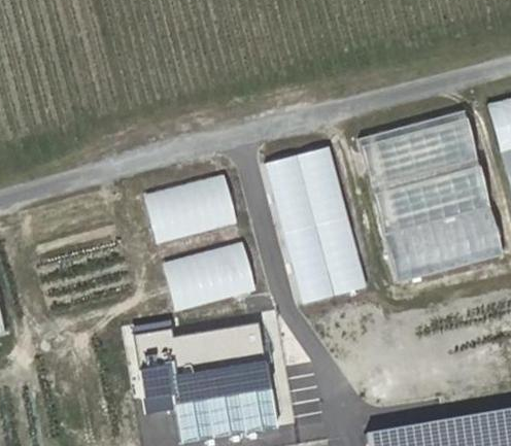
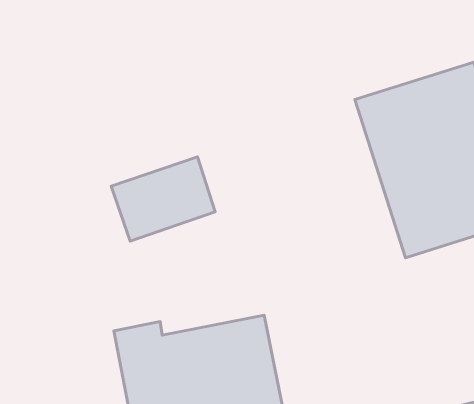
building: [264,146,366,305] -> none
building: [156,245,247,315] -> none

